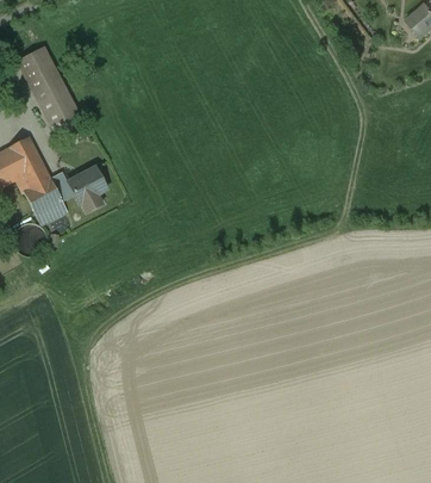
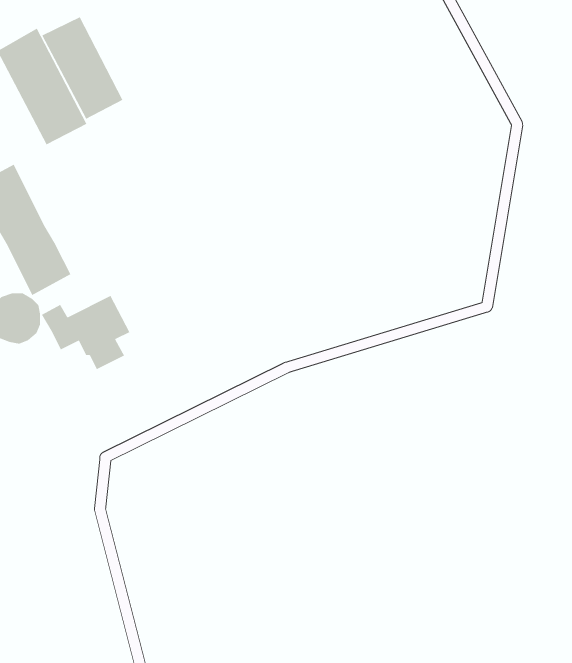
building: none -> [41,16,123,120]
building: [49,163,108,213] -> [41,295,130,370]

